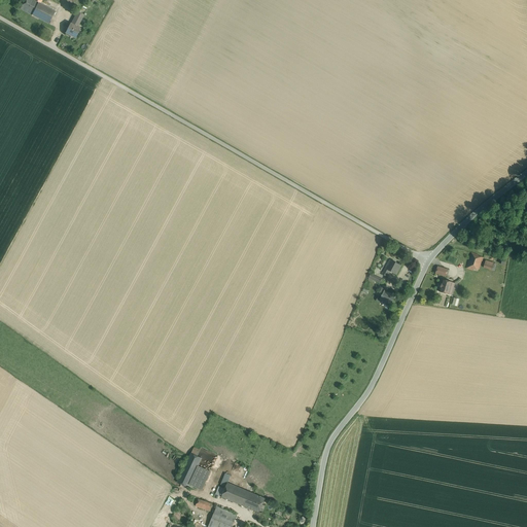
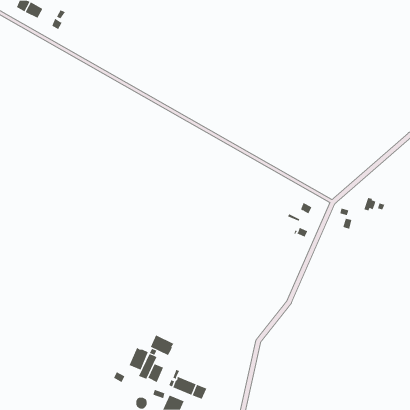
building: none -> [150,335,174,356]
building: none -> [129,347,149,370]

